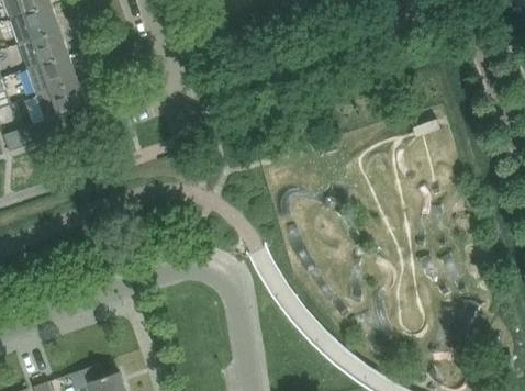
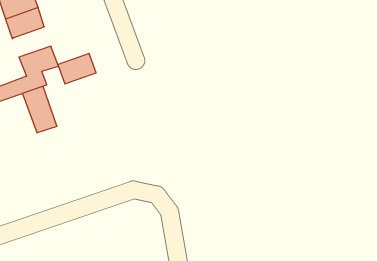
building: [26,55,76,94] -> [58,54,96,84]
building: none -> [23,86,57,133]

